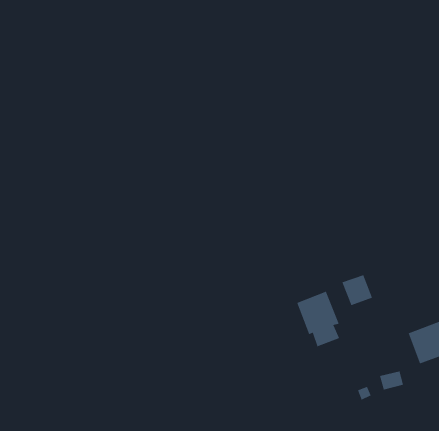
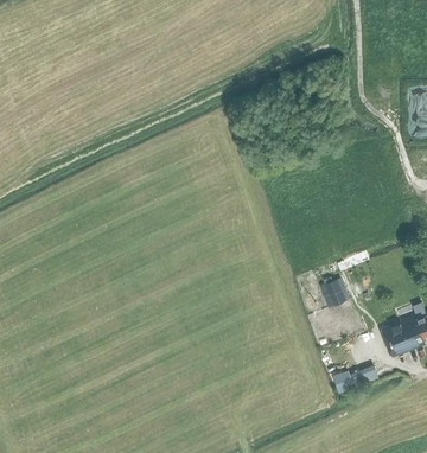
building: [296,291,340,347] -> none

